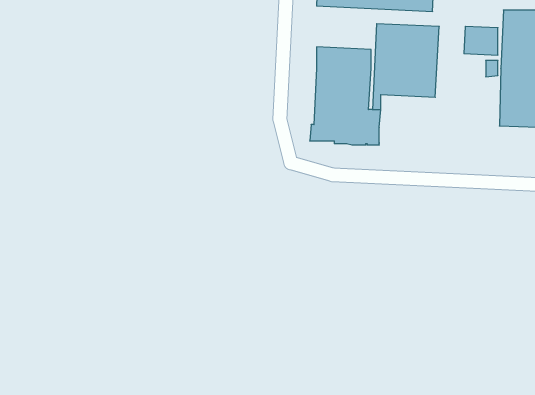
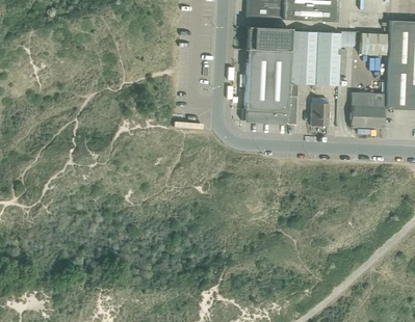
building: none -> [244,26,289,50]
building: none -> [349,91,384,127]
building: none -> [310,97,328,125]

